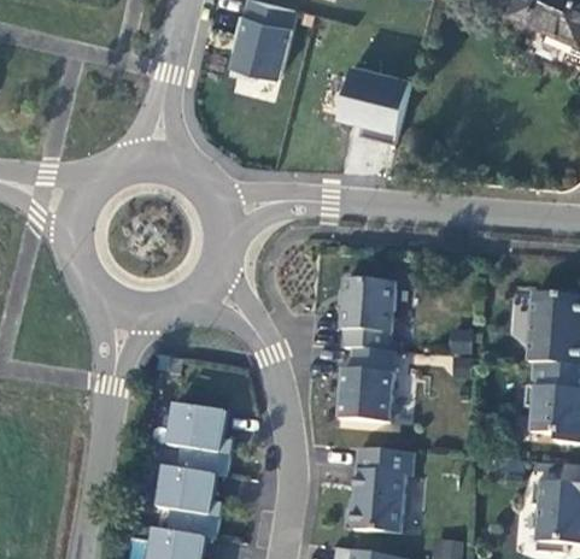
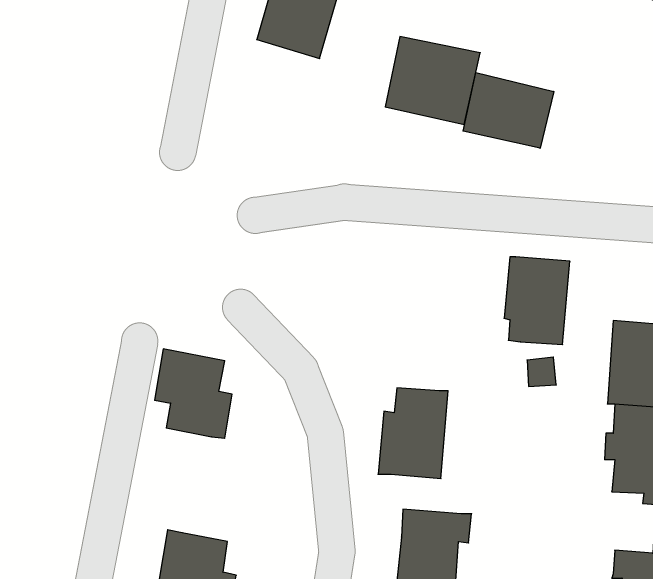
building: none -> [463,73,554,148]
building: [338,279,392,352] -> [504,257,570,345]
building: [164,404,228,477] -> [155,349,232,438]

